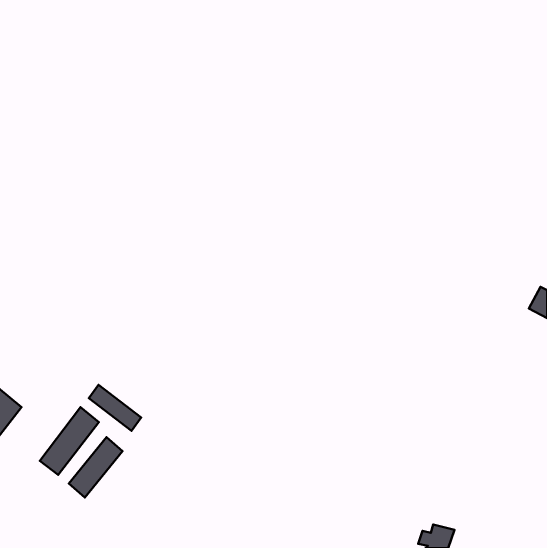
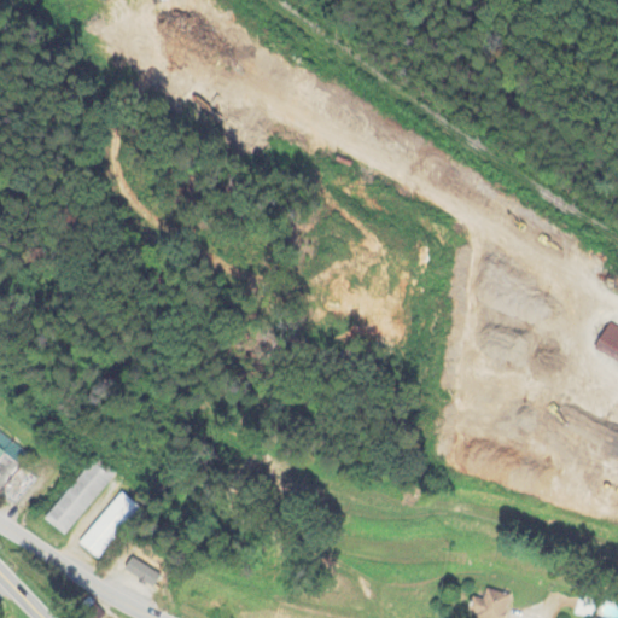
building: [89,385,141,431] -> none
building: none -> [122,558,158,589]

